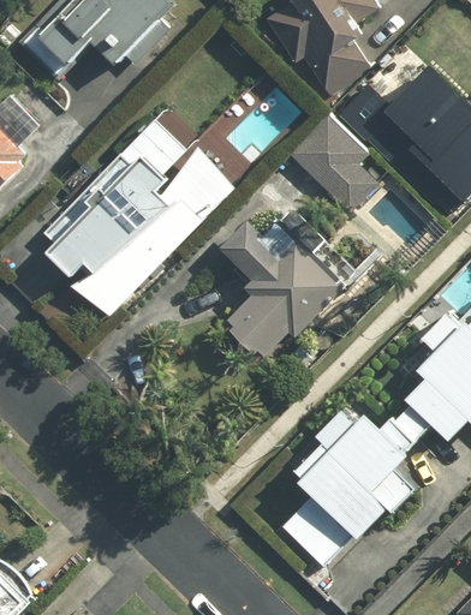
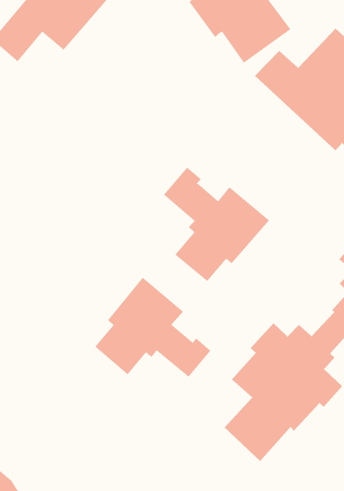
building: [287,114,377,215] -> none
building: [41,118,231,306] -> none
building: none -> [94,277,211,378]

